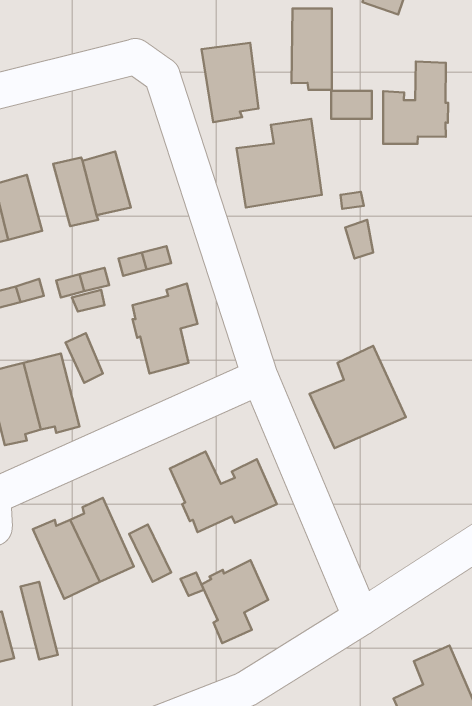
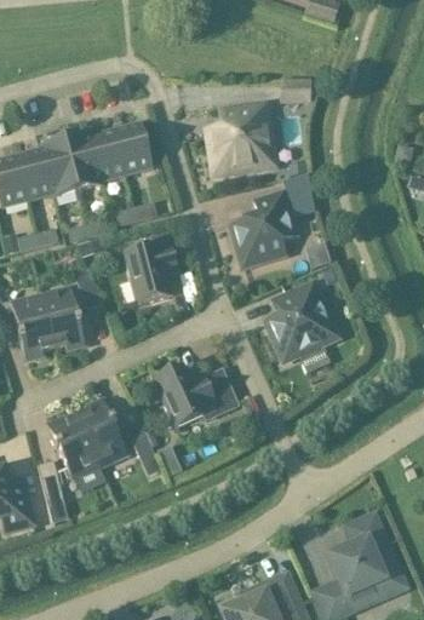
building: [291,8,332,90] -> none
building: [202,43,258,122] -> none
building: [383,62,448,144] -> none
building: none -> [113,124,150,173]
building: none -> [44,139,78,194]
building: none -> [229,191,296,266]
building: [201,560,268,643] -> none

